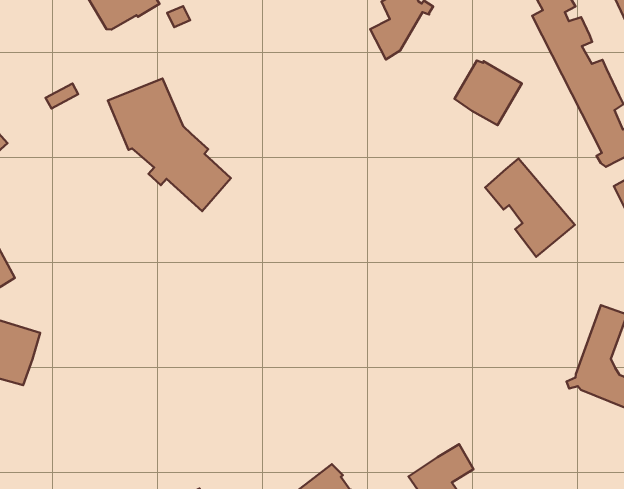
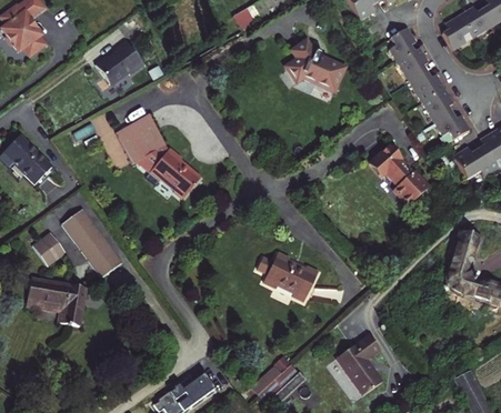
building: [454,60,522,125] -> [304,53,348,94]
building: none -> [62,208,122,278]
building: none -> [257,252,318,301]

